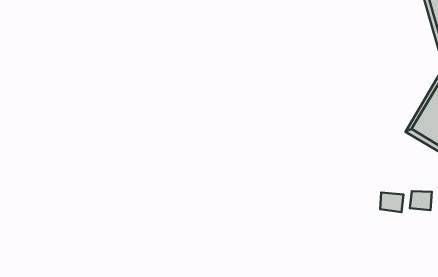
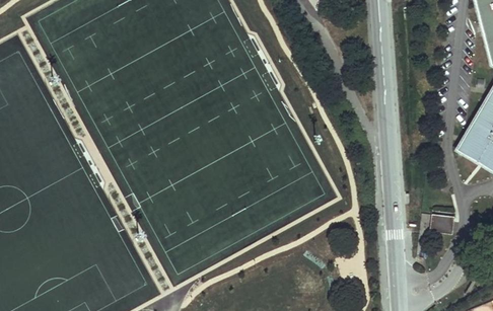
building: [410,191,432,210] -> none

